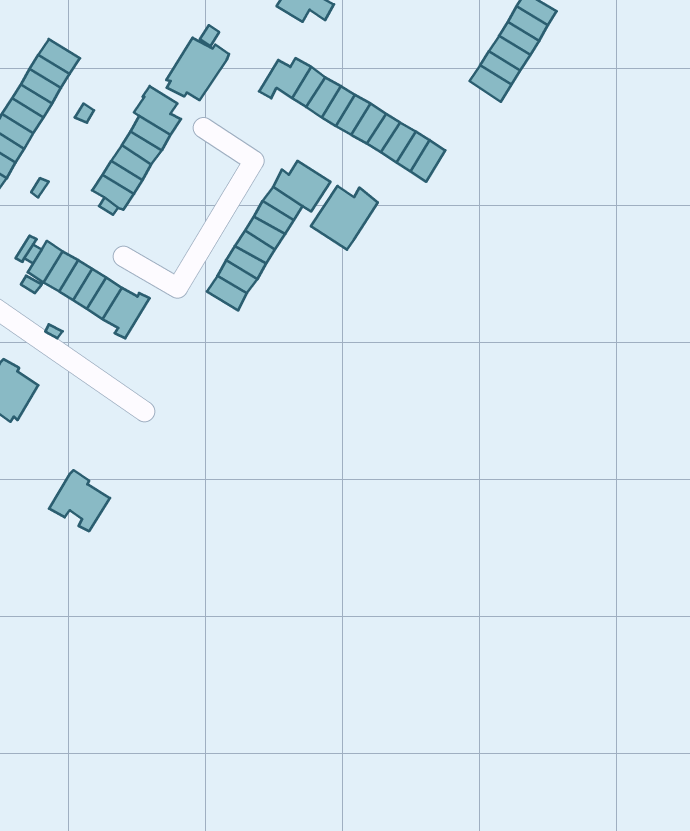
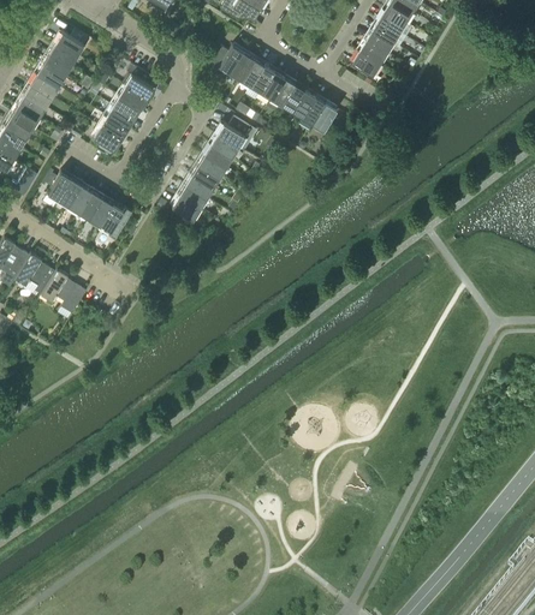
building: [166,38,229,100] -> none
building: [311,186,378,250] -> none
building: [49,470,110,531] -> [41,269,83,311]

